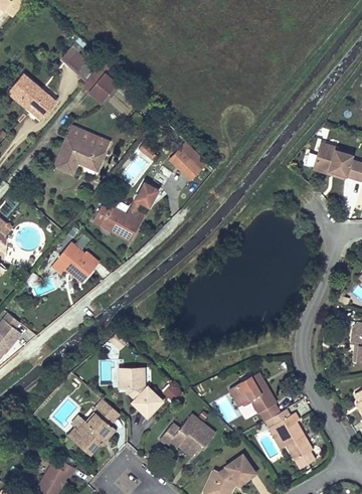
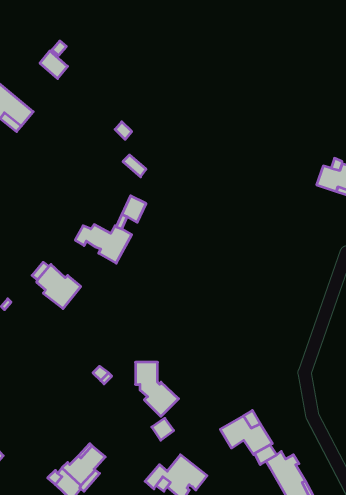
building: [82,66,120,103] -> none
building: [54,127,109,175] -> none
building: [170,146,203,178] -> none
building: [124,368,163,418] -> [135,362,179,416]

